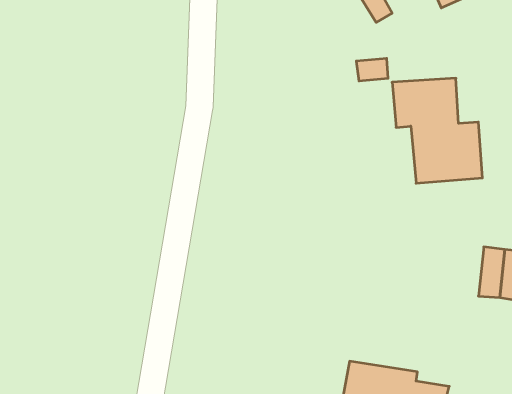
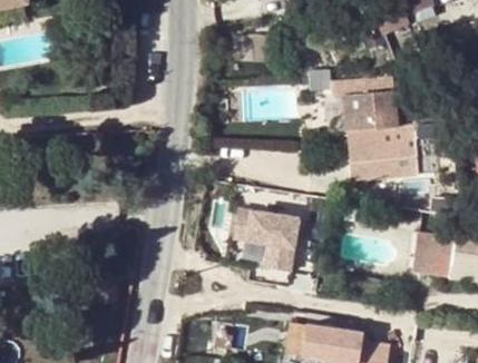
building: none -> [234,207,299,269]

